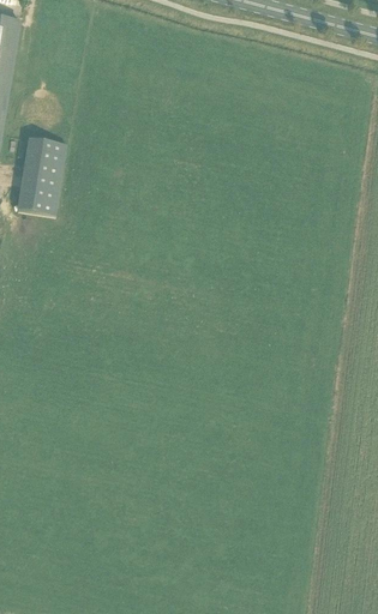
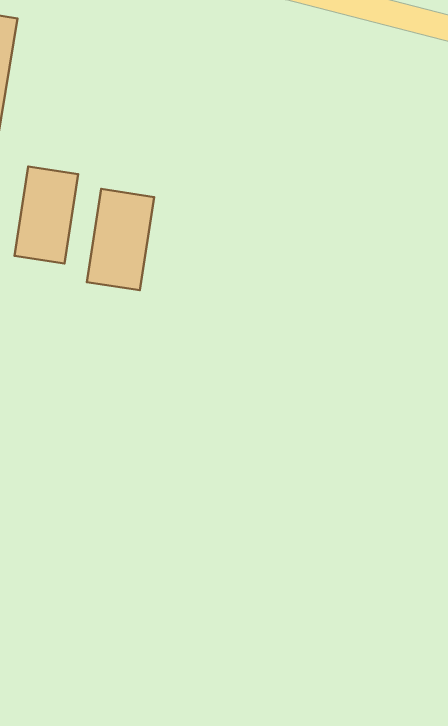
building: none -> [87,189,154,290]

